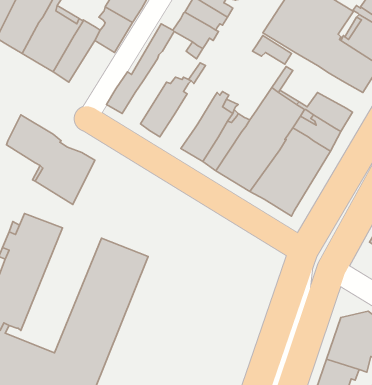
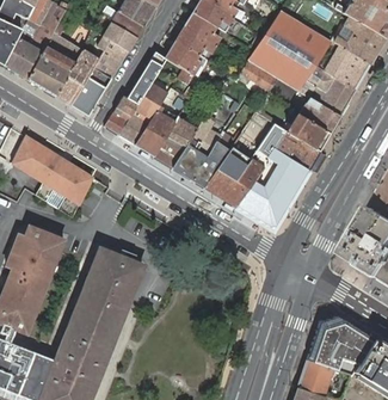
building: none -> [69,68,111,117]
building: none -> [118,85,167,144]
building: none -> [153,91,224,167]
building: none -> [297,98,339,134]

